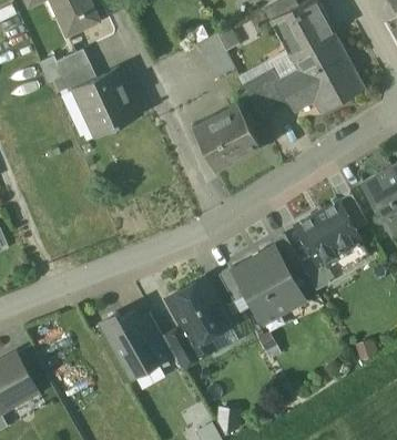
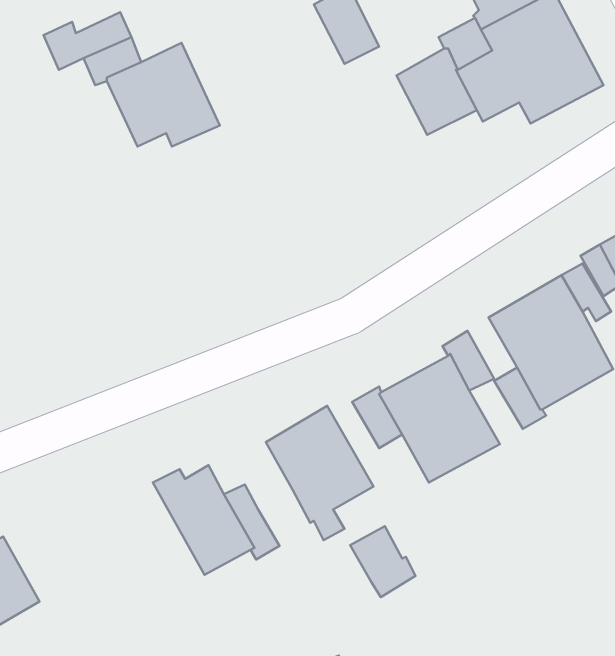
building: [192,103,259,170] -> none
building: [163,325,201,366] -> [350,526,415,597]

